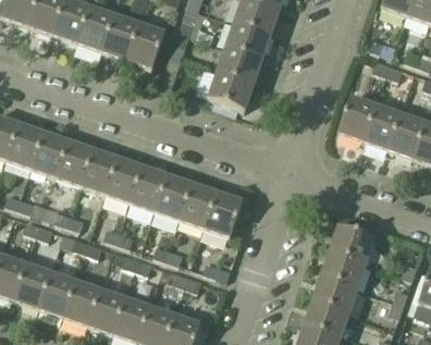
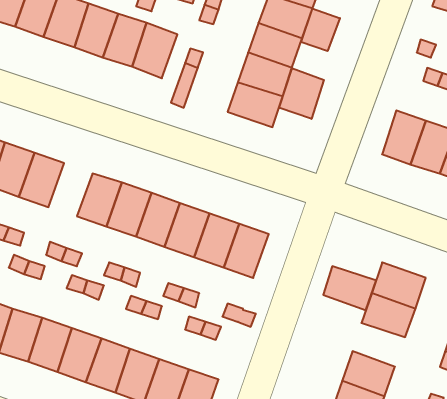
building: none -> [301,9,340,51]
building: none -> [279,68,324,119]
building: [57,140,94,185] -> none
building: [313,275,358,312] -> [323,266,376,310]

